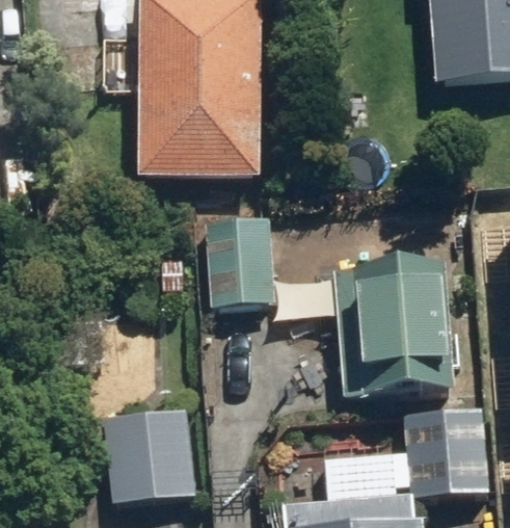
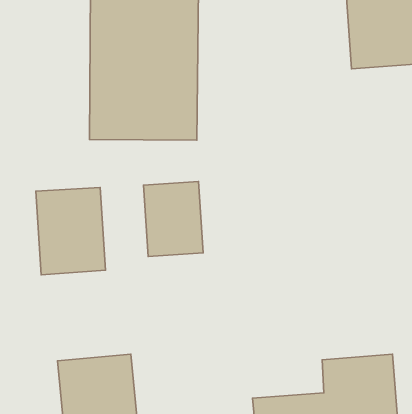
building: none -> [36,187,105,275]
building: [337,263,457,401] -> none

